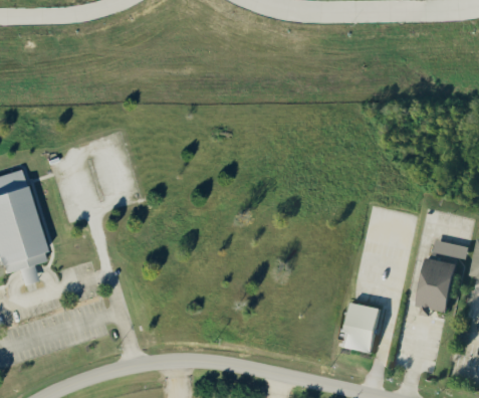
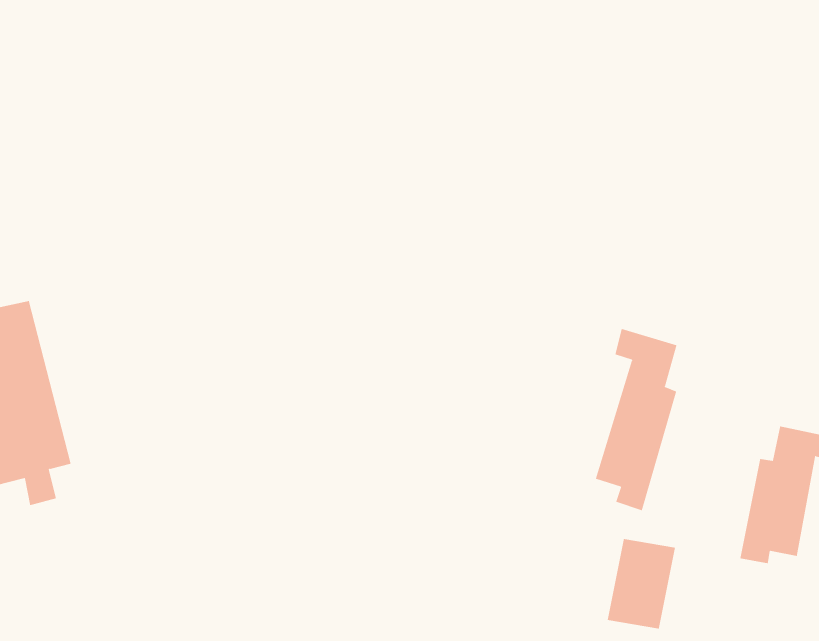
building: none -> [595,328,677,511]

